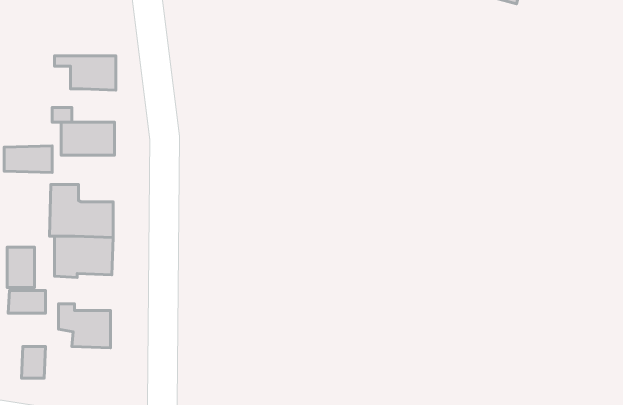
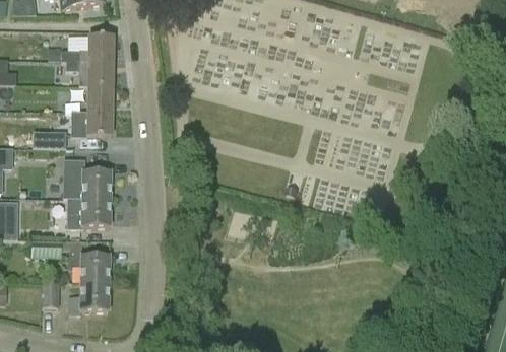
building: none -> [62,36,115,60]
building: none -> [88,85,114,111]
building: [7,247,34,288] -> none
building: none -> [69,282,110,313]

